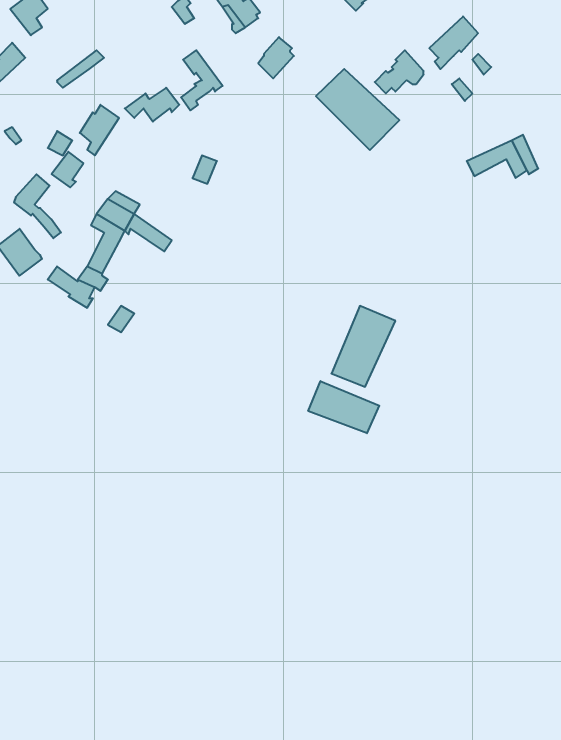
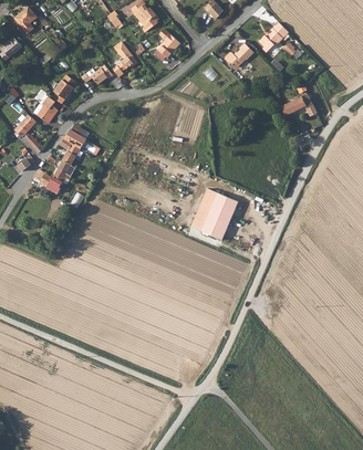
building: [316,69,399,150] -> none
building: [308,381,379,433] -> none

